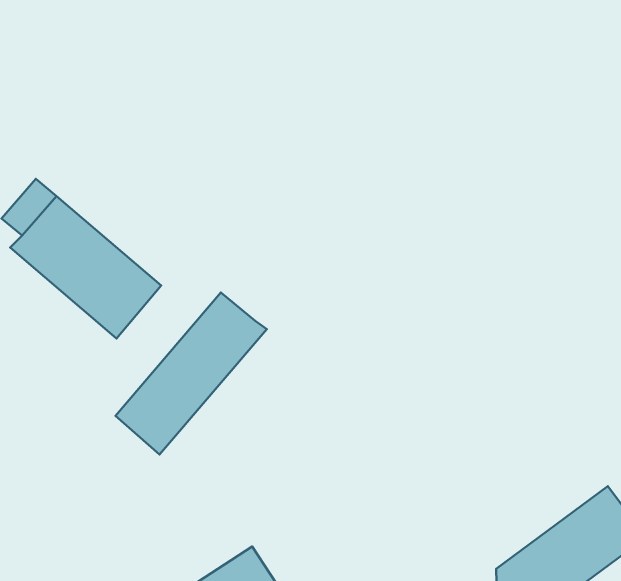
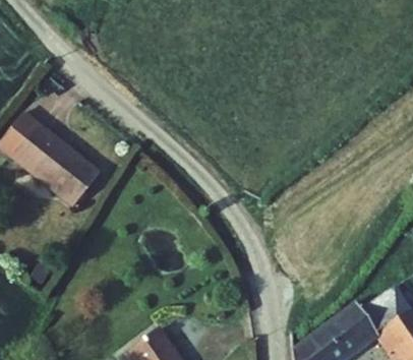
building: [115,292,267,455] -> none

